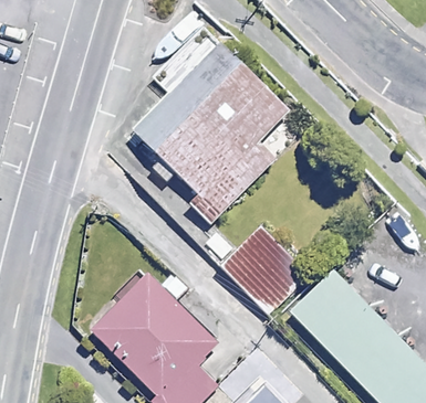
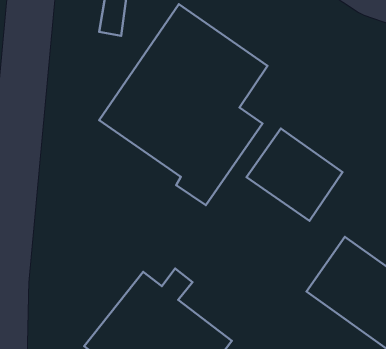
building: [222,227,308,312] -> [247,128,343,221]

